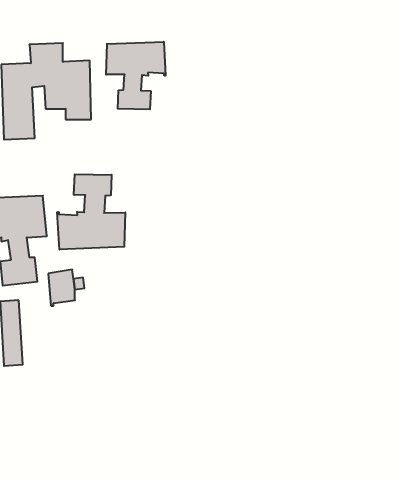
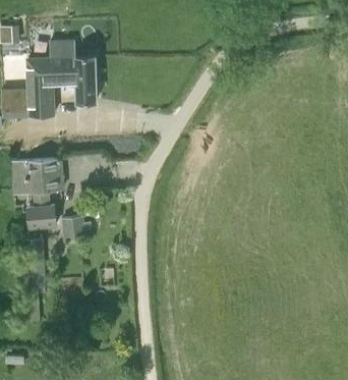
building: [106,42,166,109] -> none
building: [57,174,125,250] -> none

